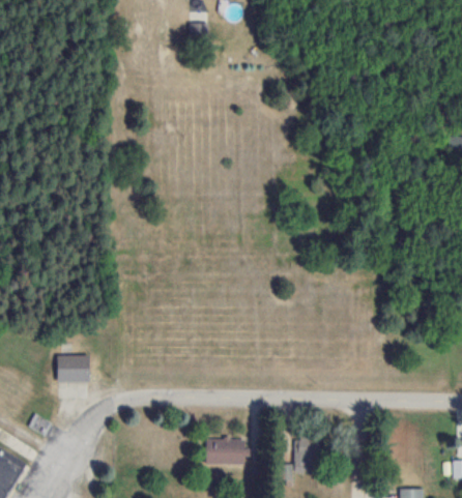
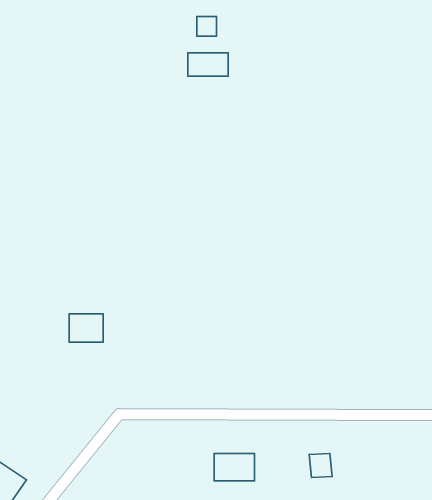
building: none -> [188,53,228,76]
building: [57,355,89,382] -> [69,314,103,342]

